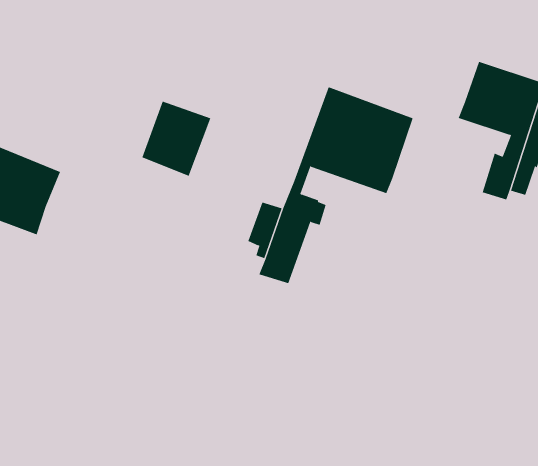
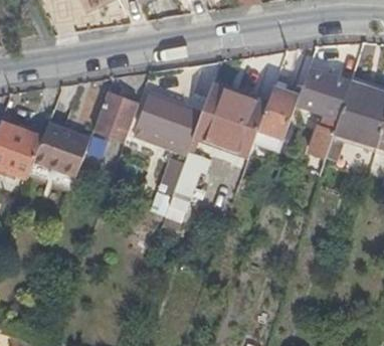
building: none -> [253,86,299,151]
building: none -> [133,95,201,152]
building: none -> [33,125,89,176]

